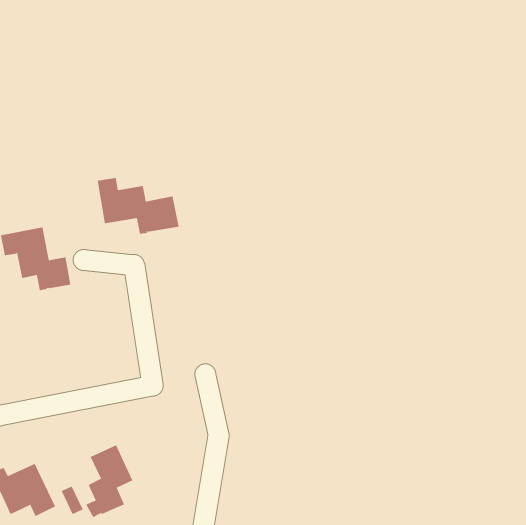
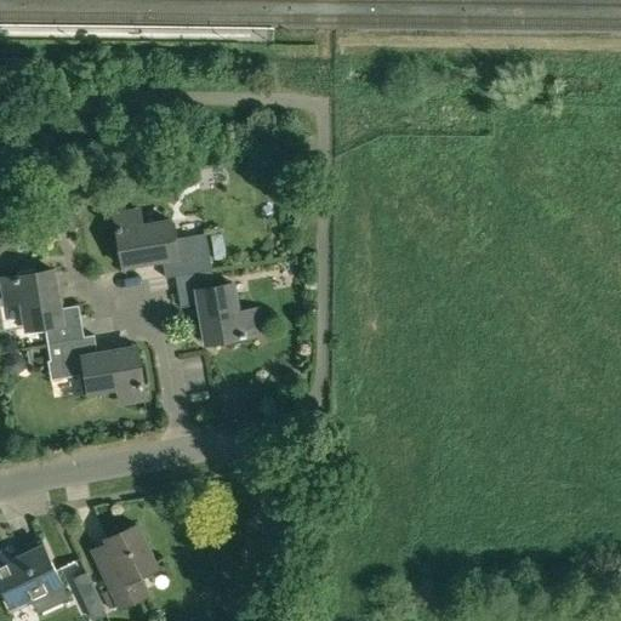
building: none -> [173,269,256,342]
building: none -> [46,335,144,404]

